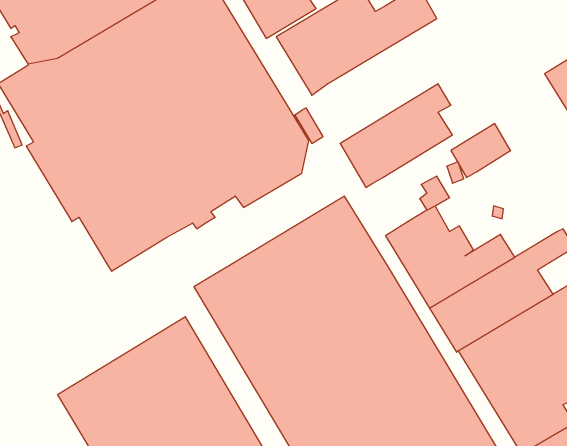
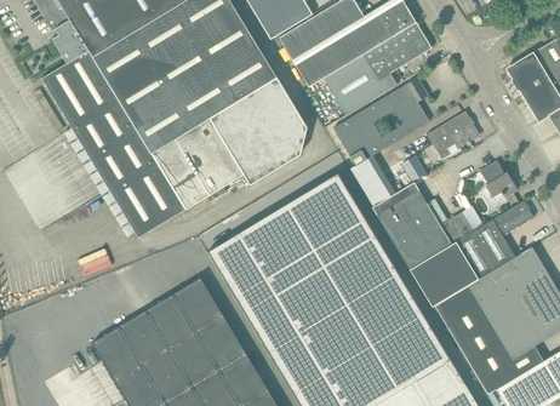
building: none -> [322,22,432,115]
building: none -> [349,158,392,207]
building: none -> [480,161,518,198]

